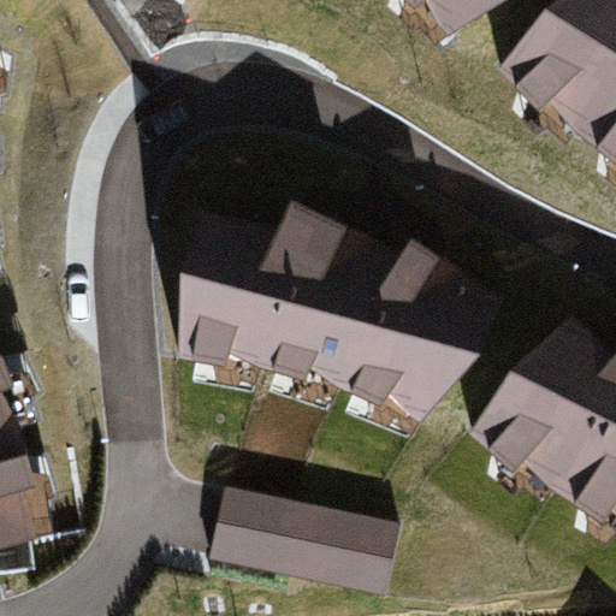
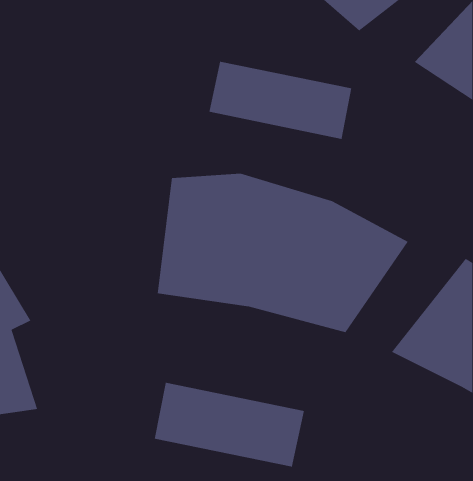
building: none -> [209,61,352,140]

